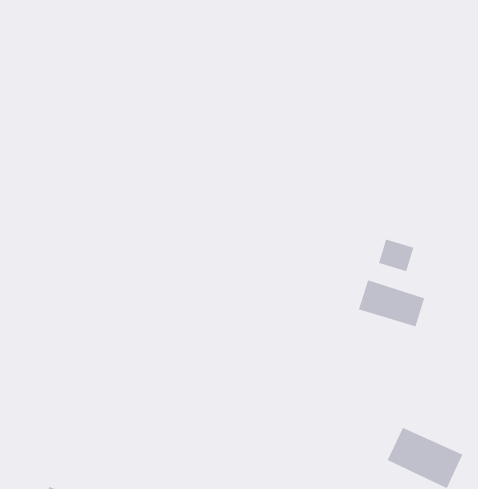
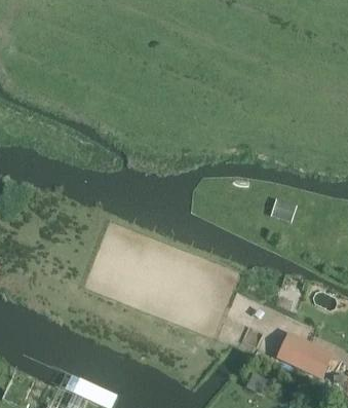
building: [358,280,425,327] -> none

